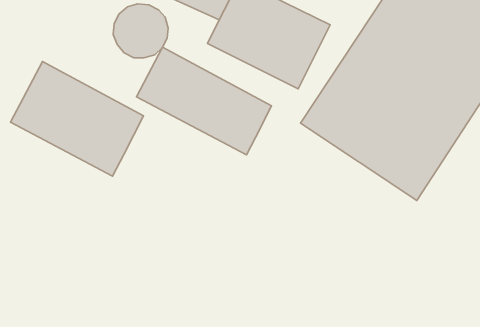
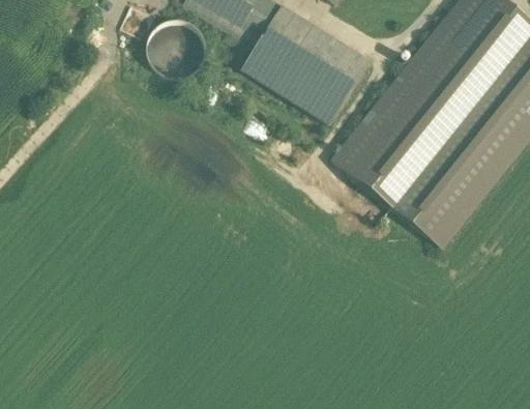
building: [136,47,272,155] -> none
building: [10,61,144,176] -> none

